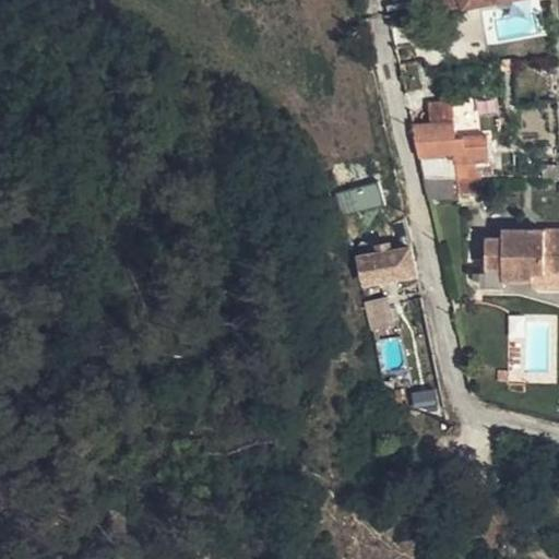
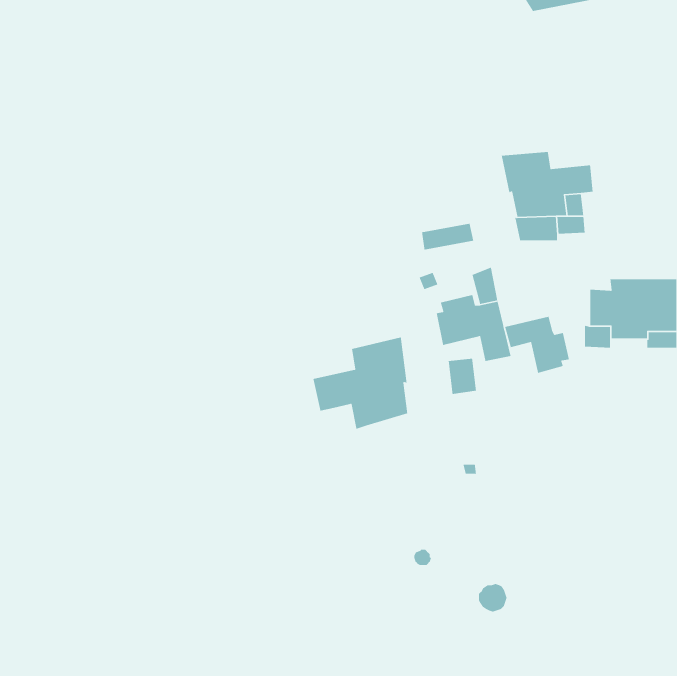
building: none -> [504,316,570,374]
building: none -> [312,336,408,430]

